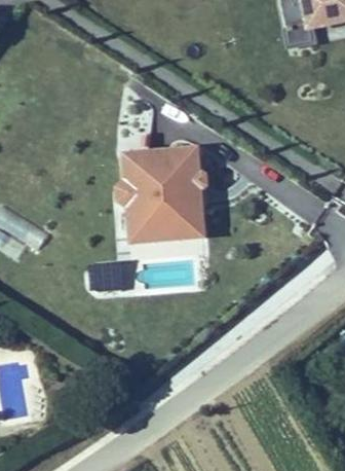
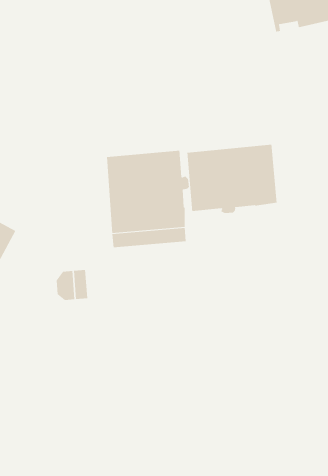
building: none -> [187,144,277,214]

